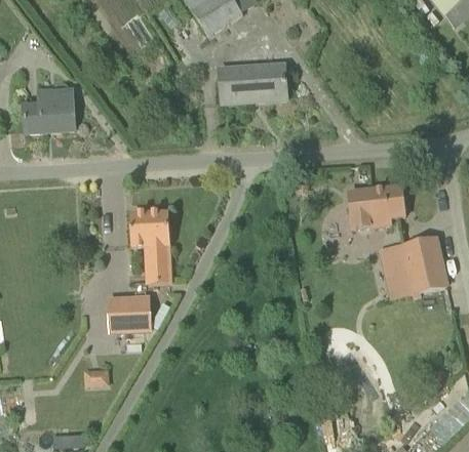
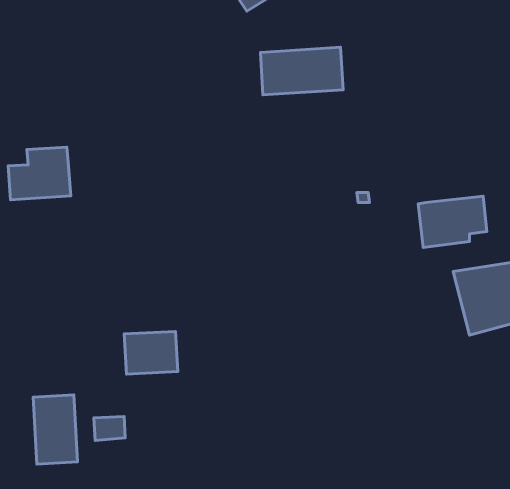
building: [24,89,75,132] -> [8,147,71,200]
building: [131,211,170,282] -> none
building: none -> [33,395,77,464]

